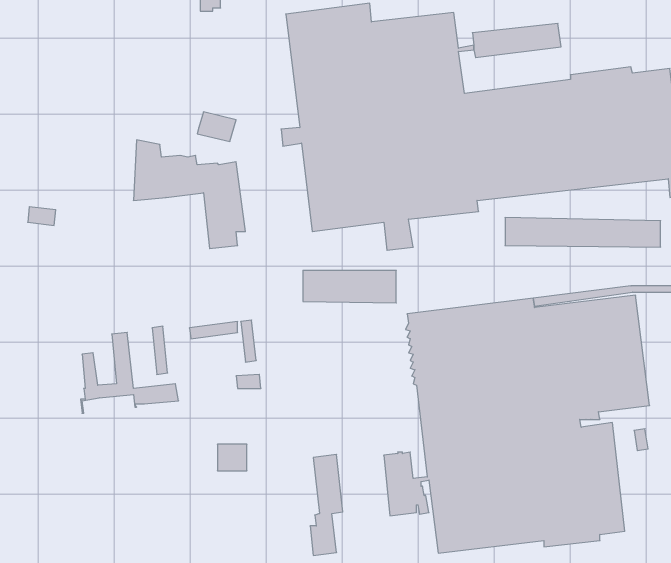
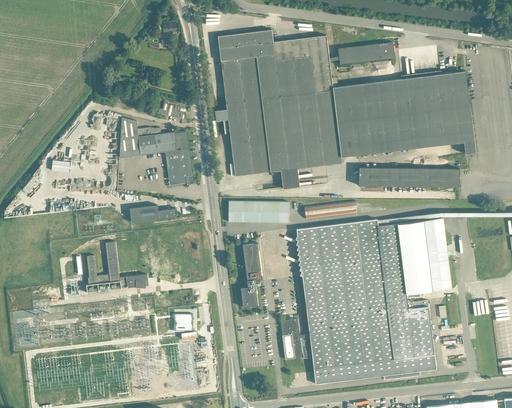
building: none -> [130,205,177,223]
building: [310,454,343,555] -> [241,243,262,308]

